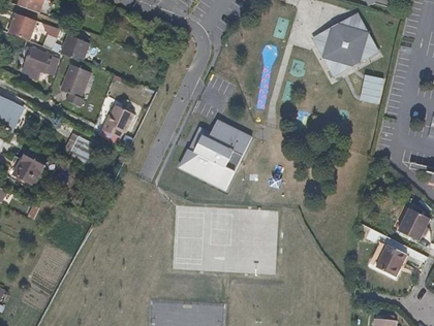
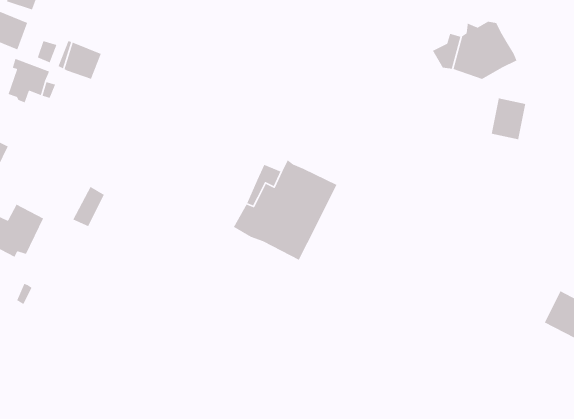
building: [59,64,92,107] -> none
building: [104,105,132,137] -> none
building: [374,246,405,278] -> none

